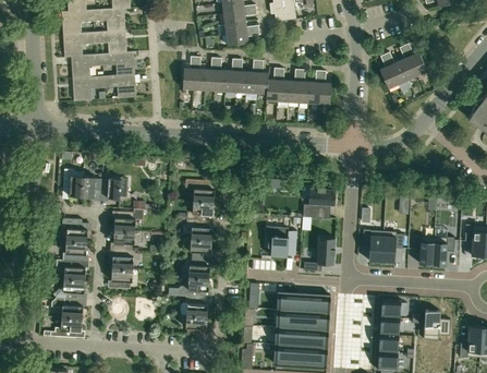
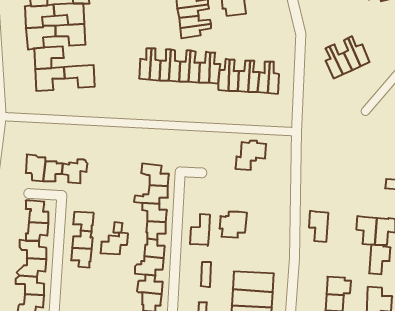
building: [102,51,135,75] -> none
building: [303,188,336,218] -> [235,141,266,170]
building: [114,208,144,231] -> [100,232,128,254]
building: [381,231,404,263] -> [369,245,391,274]
building: none -> [190,214,210,246]
building: [304,238,336,272] -> none

